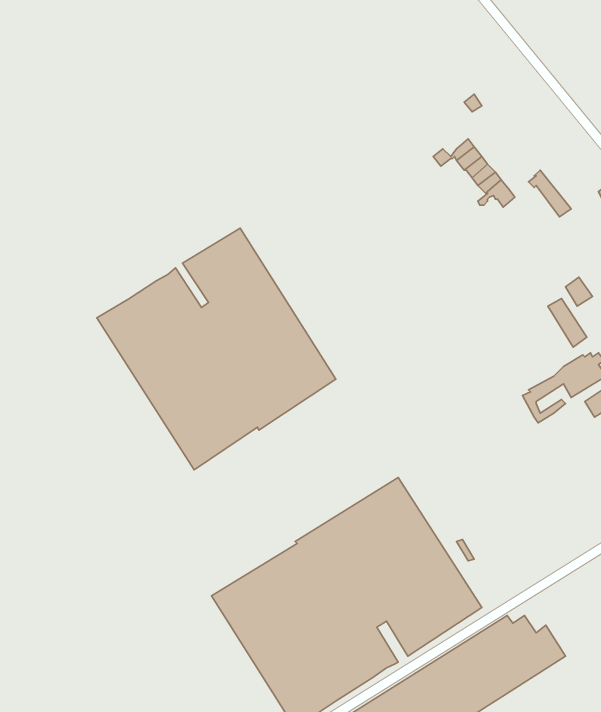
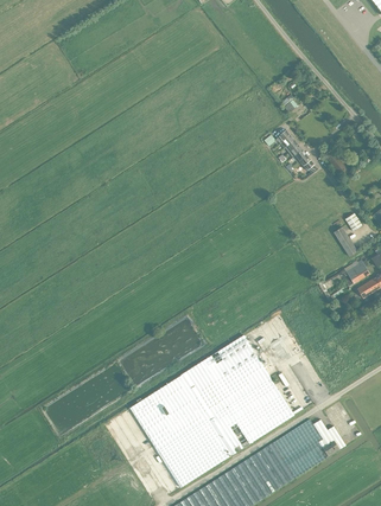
building: [97,228,336,470] -> none

